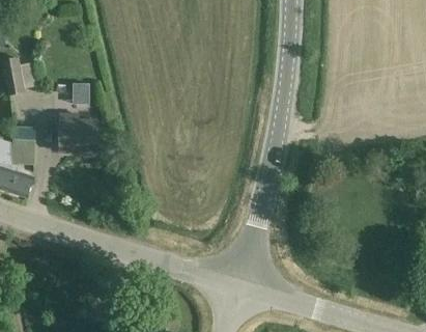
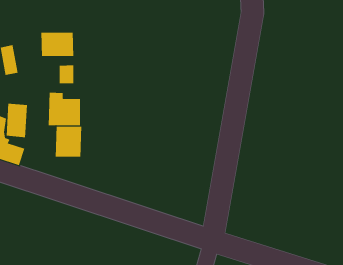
building: none -> [41,32,74,57]
building: none -> [55,126,82,158]

